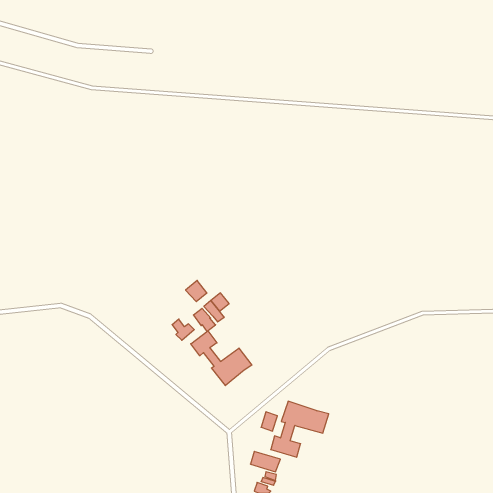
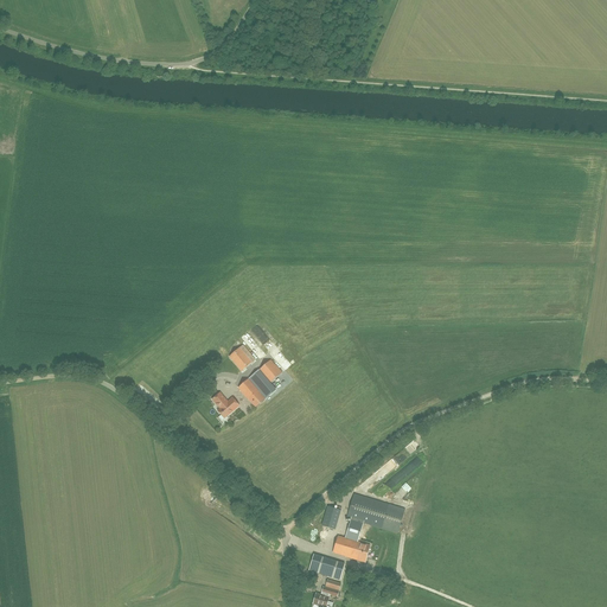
building: [191,331,252,386] -> none

